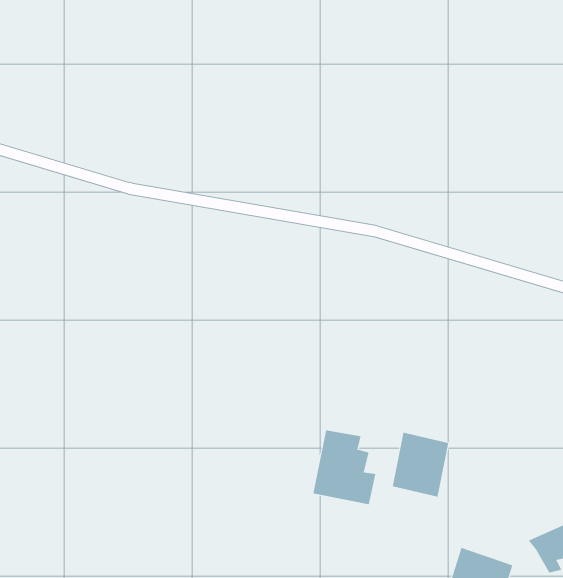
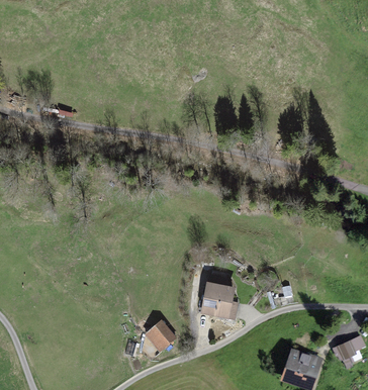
building: [392,432,449,498] -> none
building: none -> [145,320,176,352]

